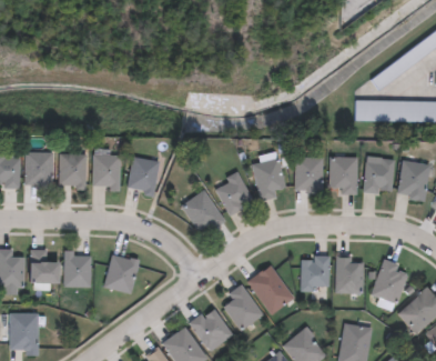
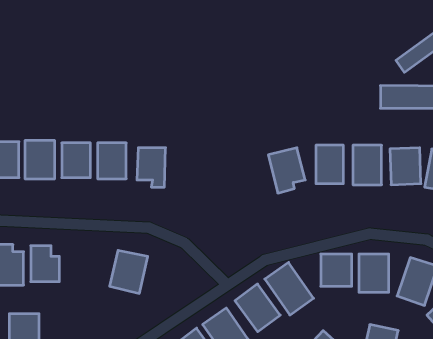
building: [214,171,252,215] -> none
building: [180,191,223,235] -> none
building: [63,253,90,287] -> none

